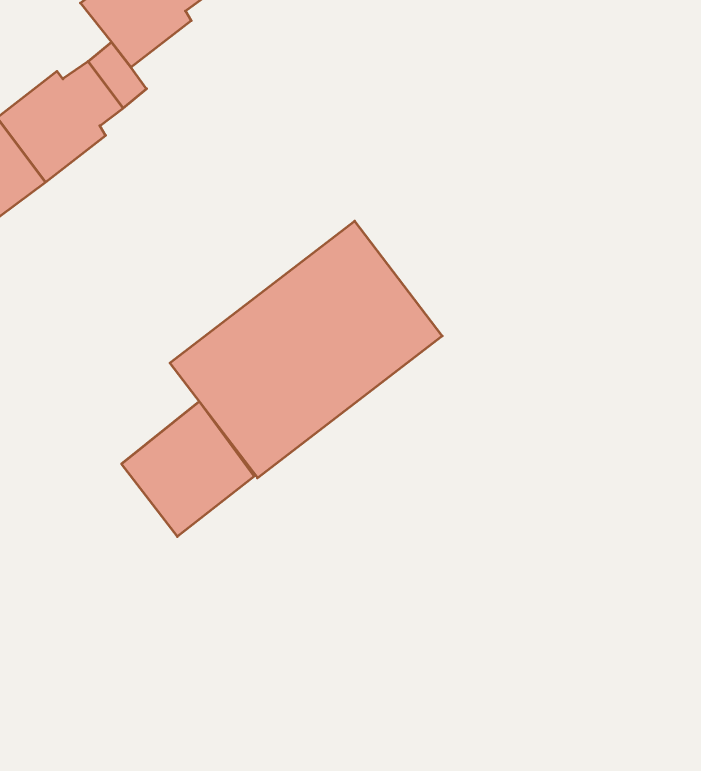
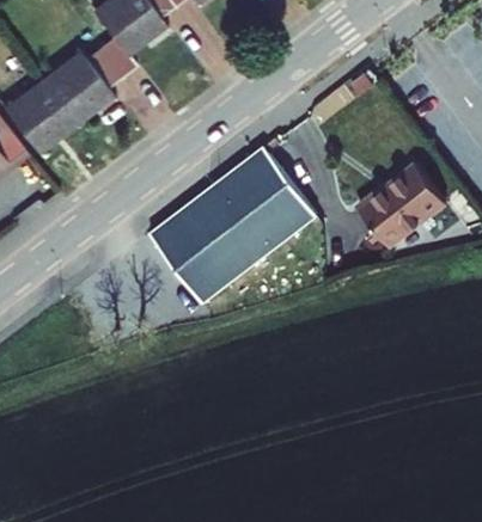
building: none -> [360,164,446,246]
building: [122,402,254,537] -> none

